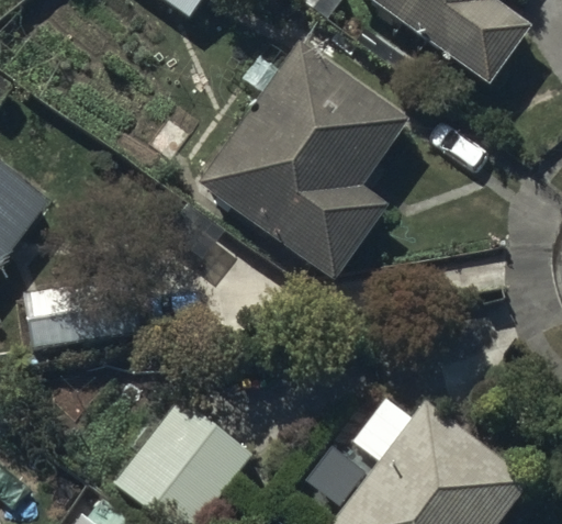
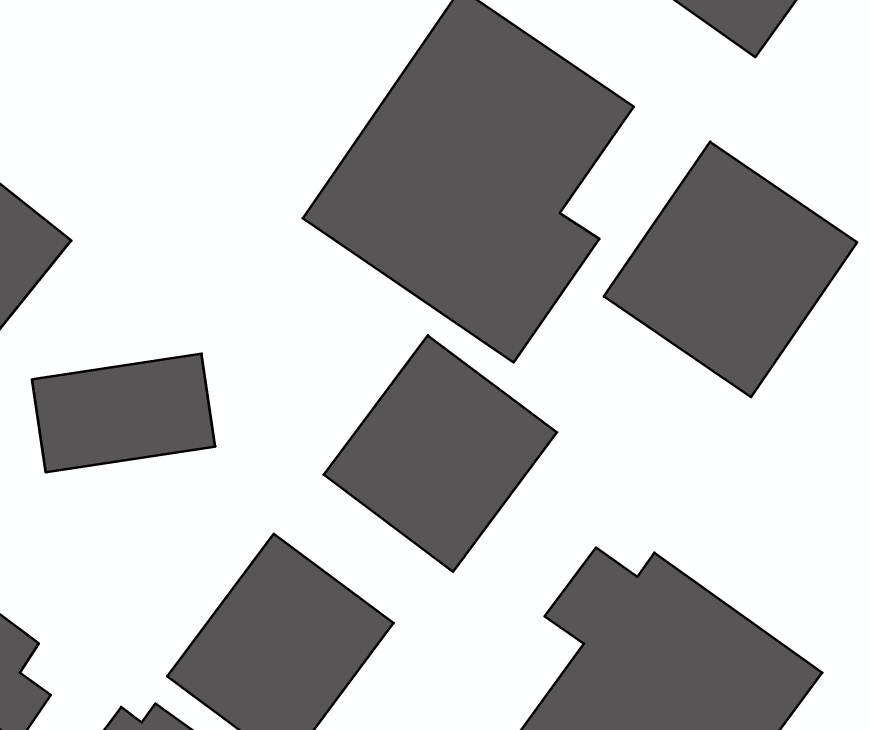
building: none -> [604,142,857,397]
building: none -> [324,335,557,572]

